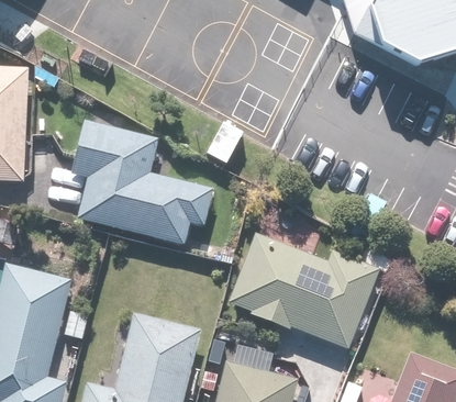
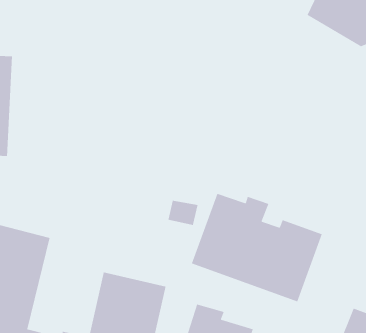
building: [68,125,213,245] -> none

